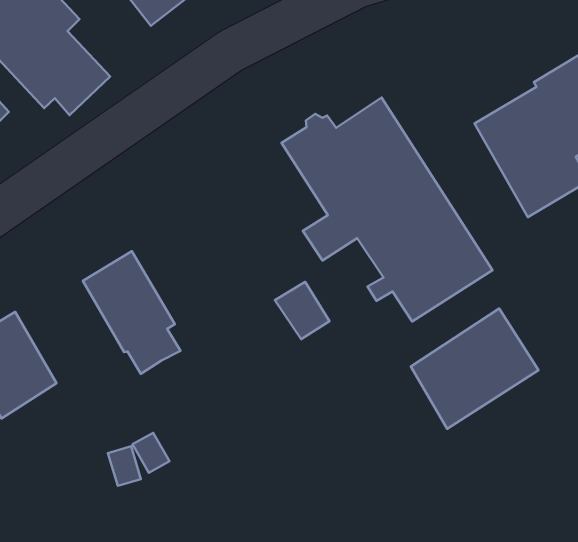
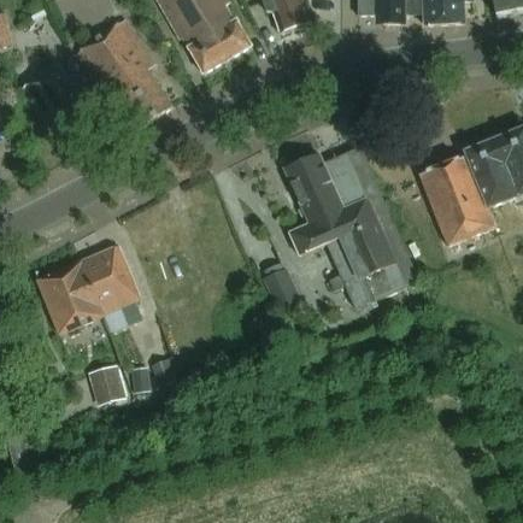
building: [83,251,181,374] -> [80,243,141,330]
building: [411,309,538,429] -> none
building: none -> [88,364,125,405]

